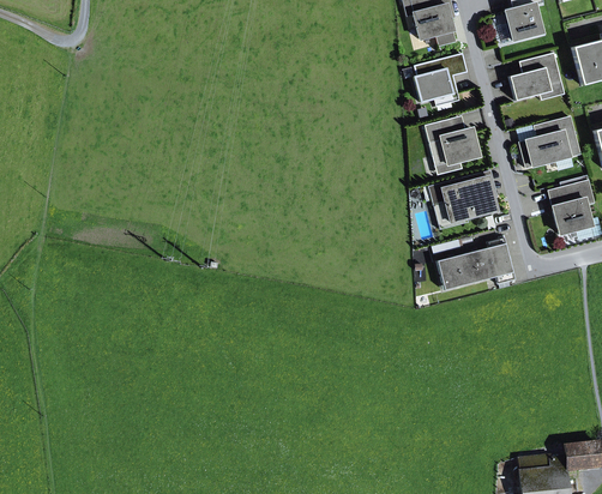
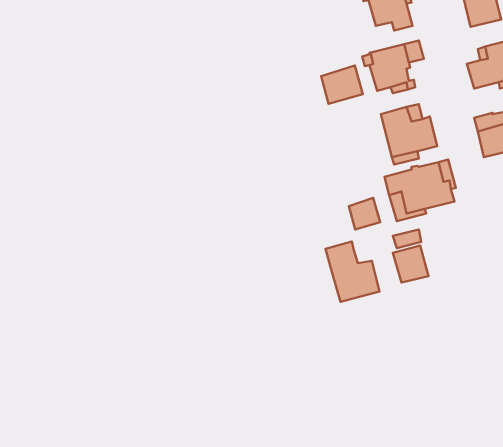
building: none -> [321,66,363,104]
building: none -> [349,198,380,229]
building: [463,236,516,284] -> none
building: none -> [325,241,379,302]

